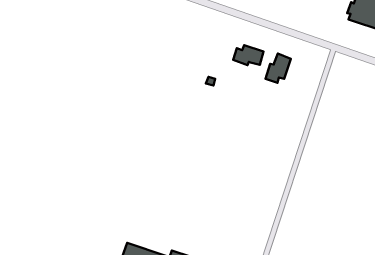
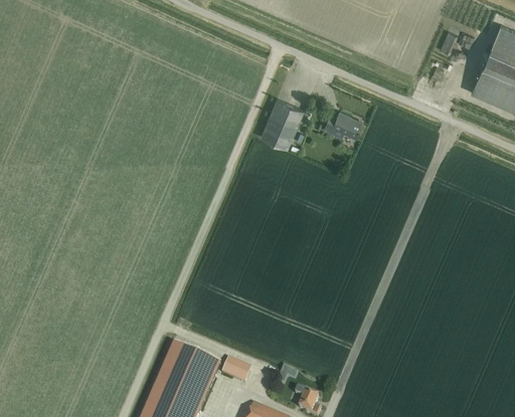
building: none -> [263,98,305,148]
building: [266,54,291,83] -> none

